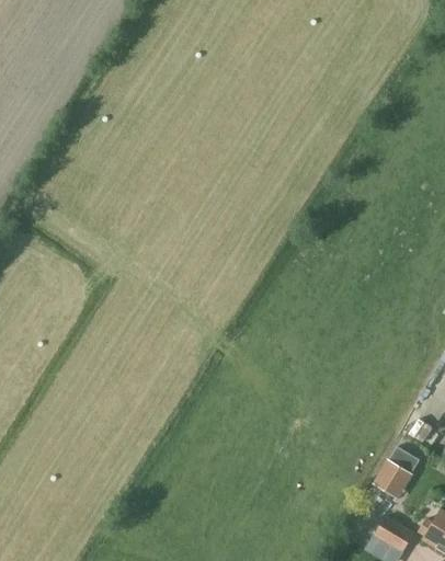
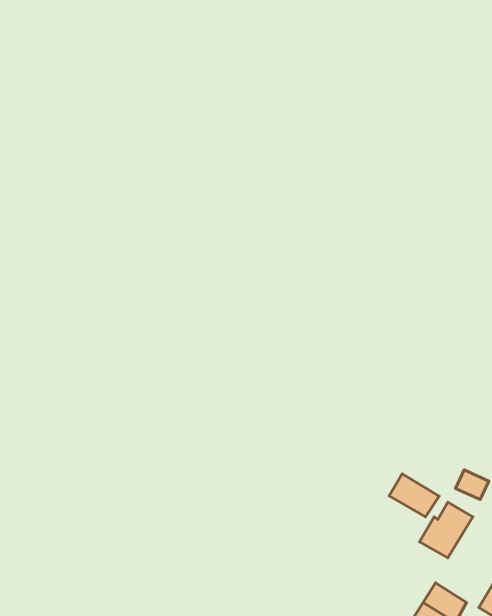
building: none -> [389,474,439,517]

